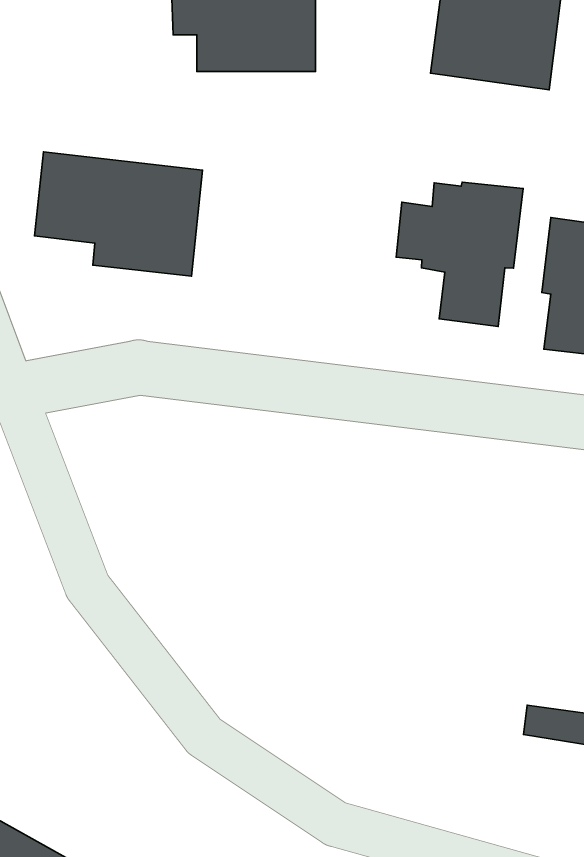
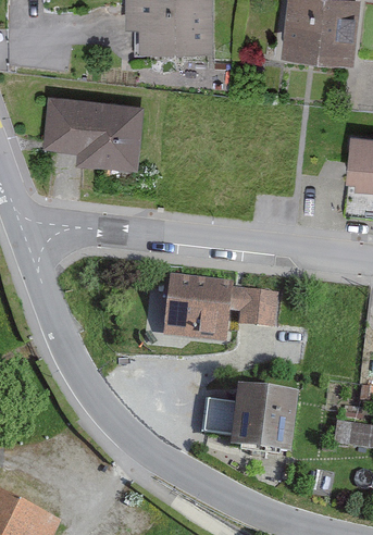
building: [396,182,523,326] -> none
building: none -> [164,277,277,344]
building: none -> [204,389,296,457]

